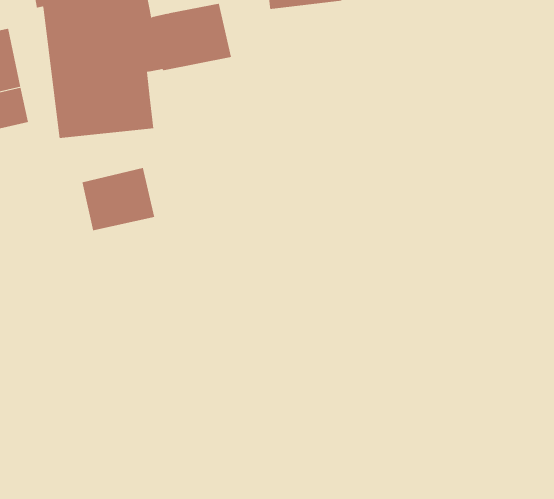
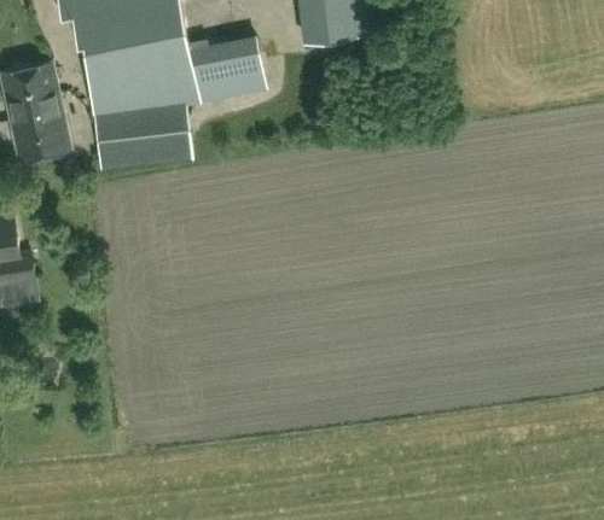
building: [82,167,155,231] -> none

